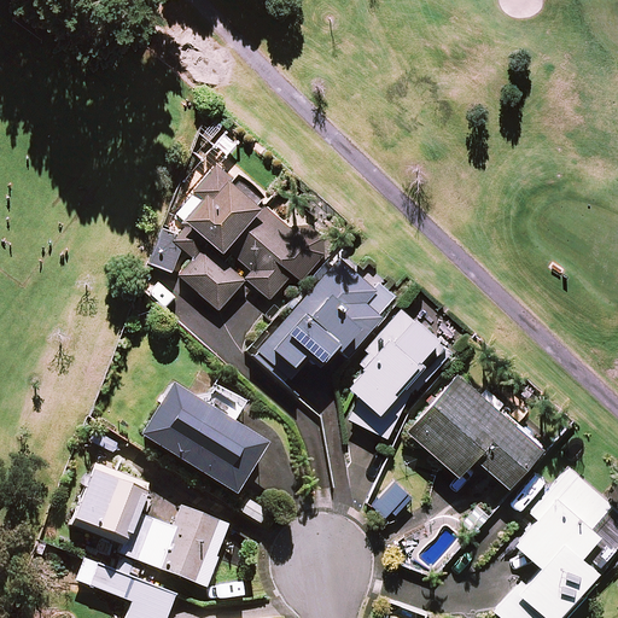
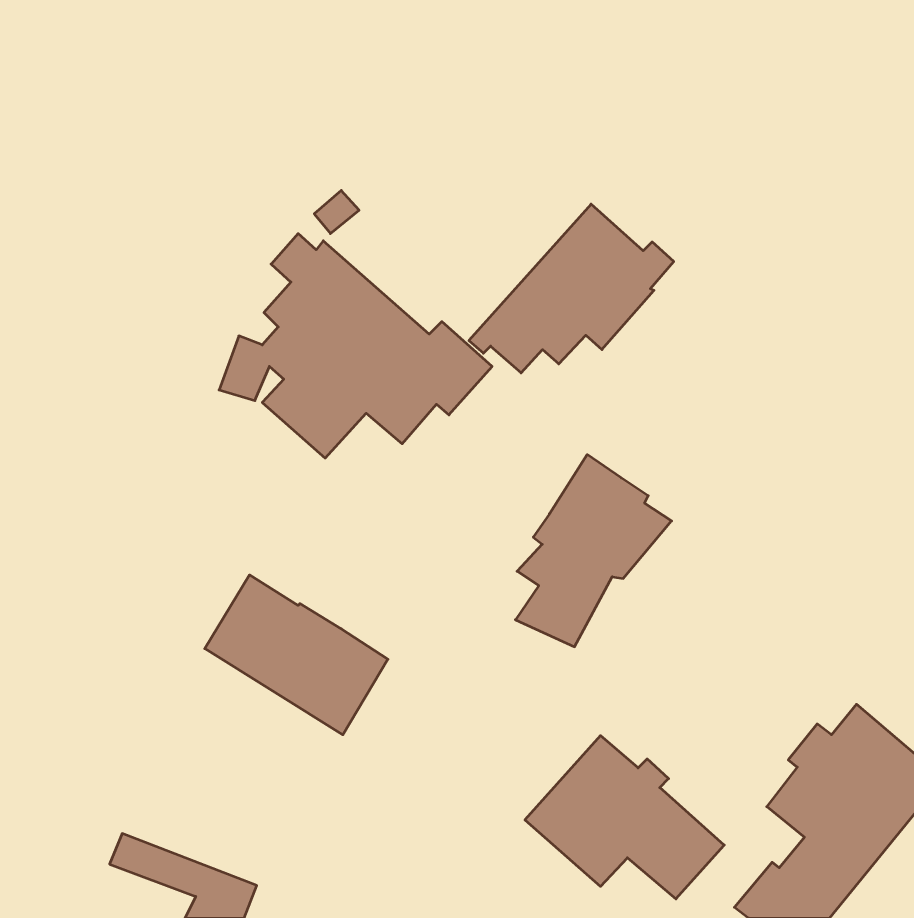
building: [256,260,393,373] -> [469,204,674,373]
building: [408,372,542,482] -> [525,736,724,899]
building: [74,472,229,587] -> none

